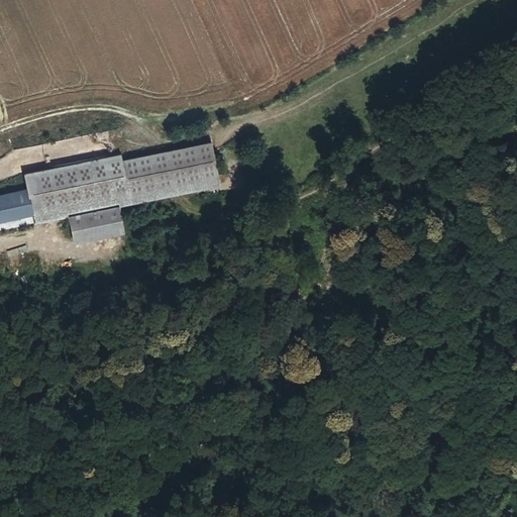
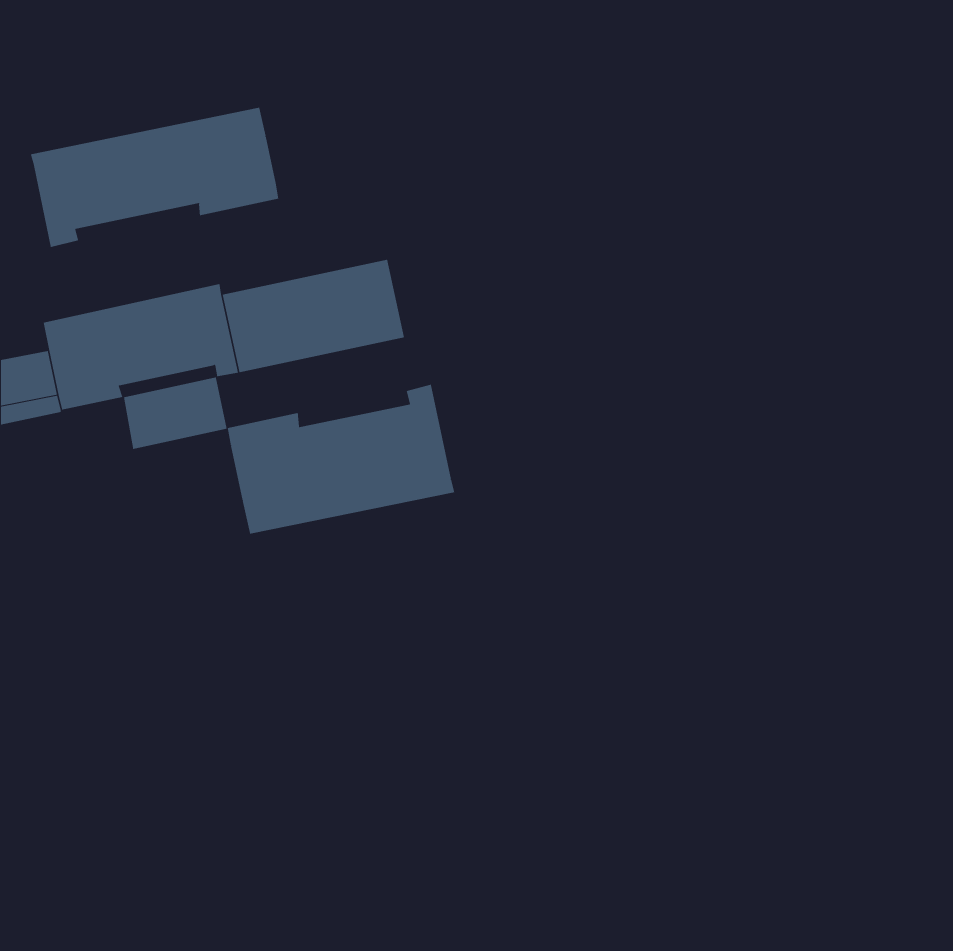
building: none -> [30,107,279,248]
building: none -> [227,384,455,534]

